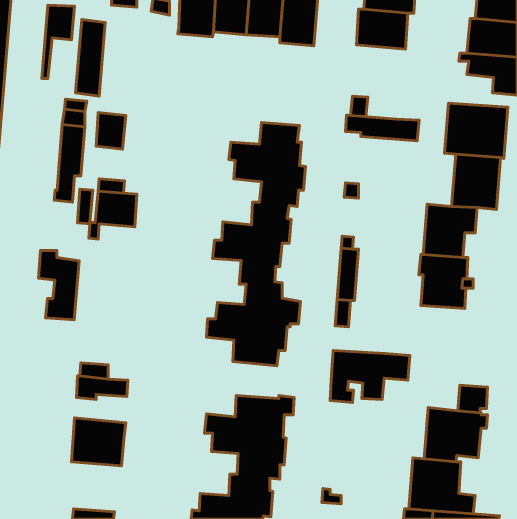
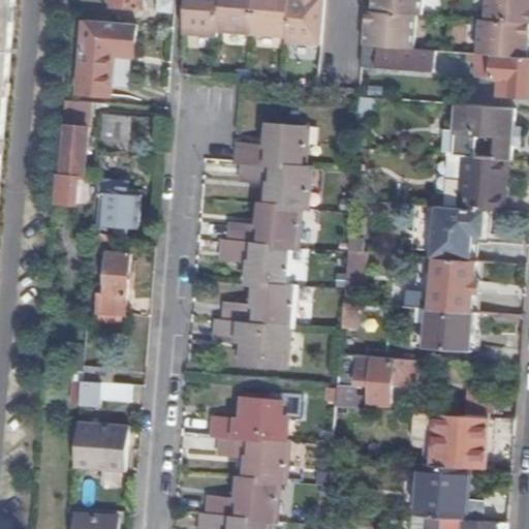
building: [42,5,75,79] -> [100,23,133,97]
building: [346,115,419,141] -> [359,45,433,71]
building: [38,250,79,320] -> [87,245,128,315]
building: none -> [422,310,477,351]

